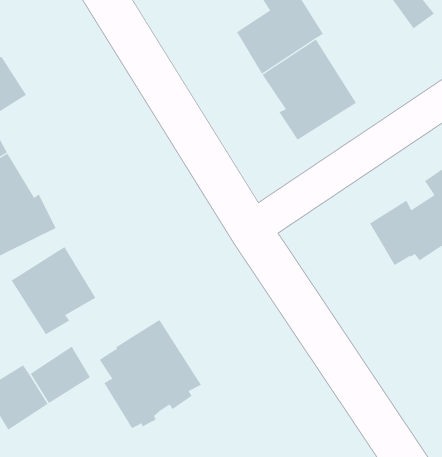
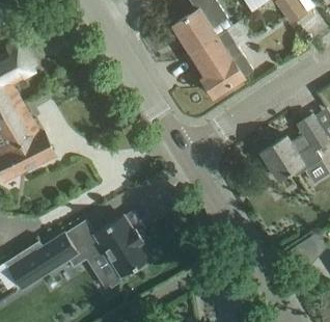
building: [11,246,96,335] -> none

